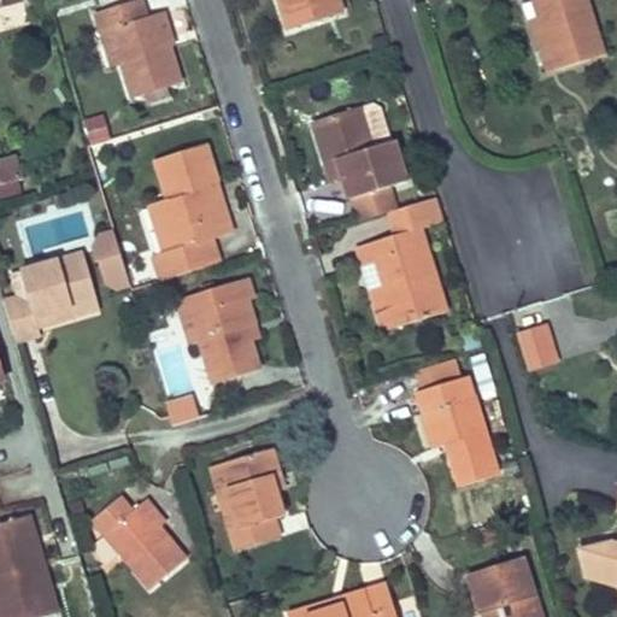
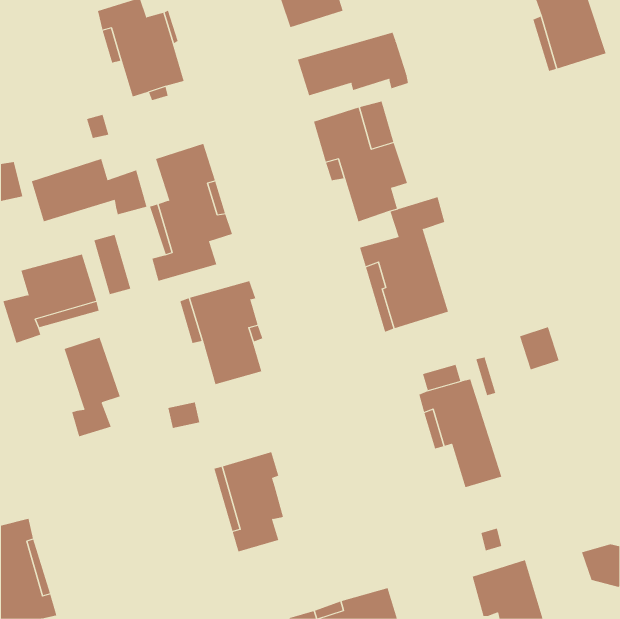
building: none -> [297,32,408,96]
building: none -> [31,158,147,222]
building: none -> [64,337,121,437]
building: [90,495,183,588] -> none

